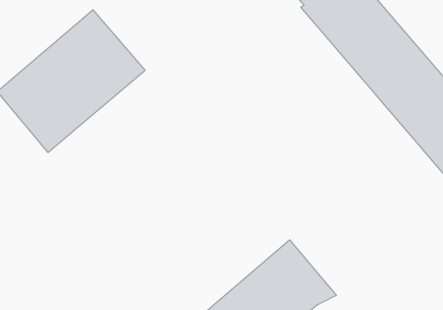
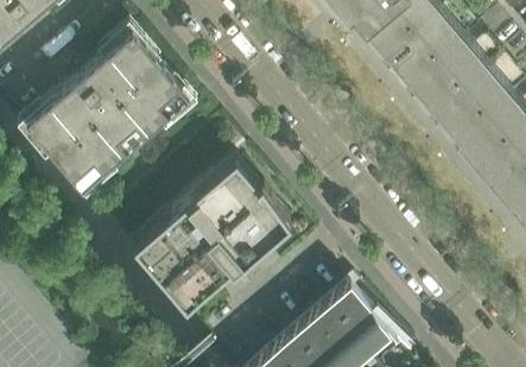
building: none -> [133,163,290,311]

